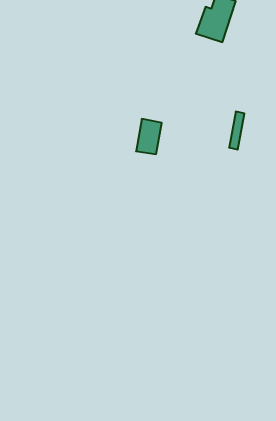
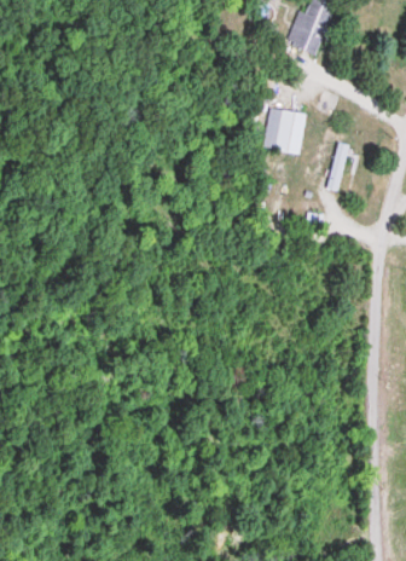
building: [136,119,162,154] -> [273,110,306,155]

